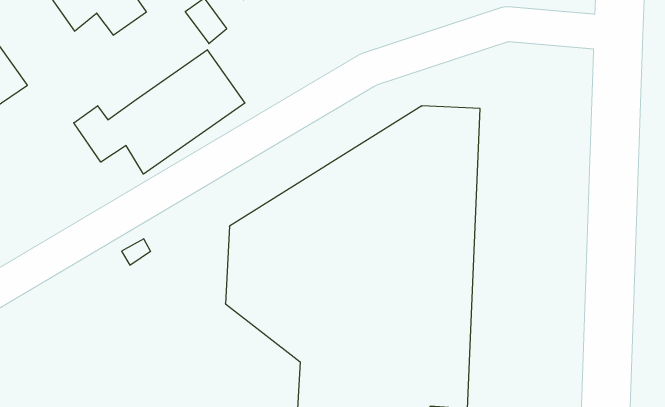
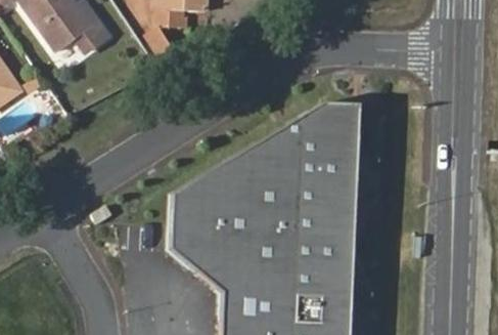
building: [74,50,245,174] -> none

